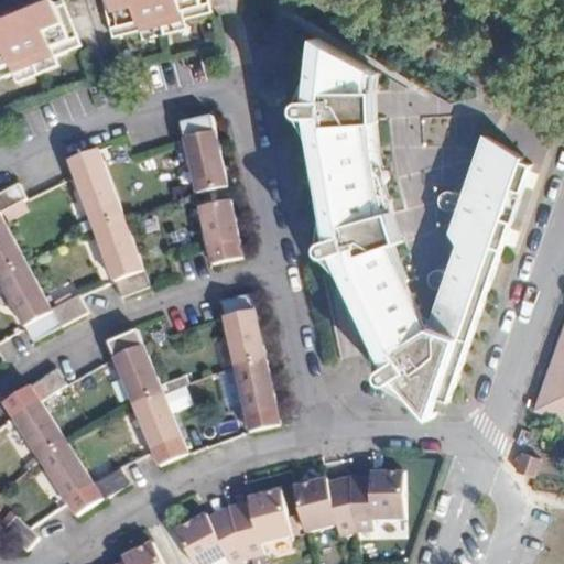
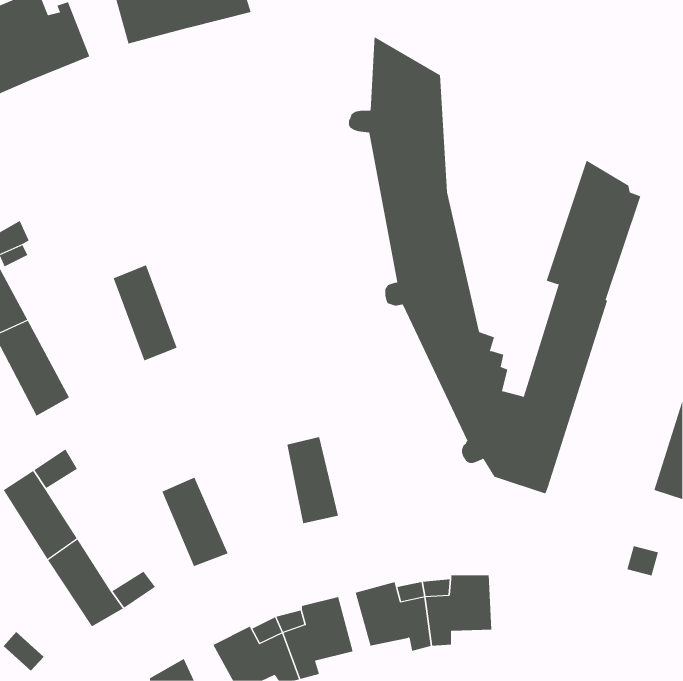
building: [177,116,224,193] -> none
building: [66,149,120,228] -> none
building: [197,199,240,264] -> none
building: [219,292,262,365] -> none
building: [106,329,160,403] -> none

